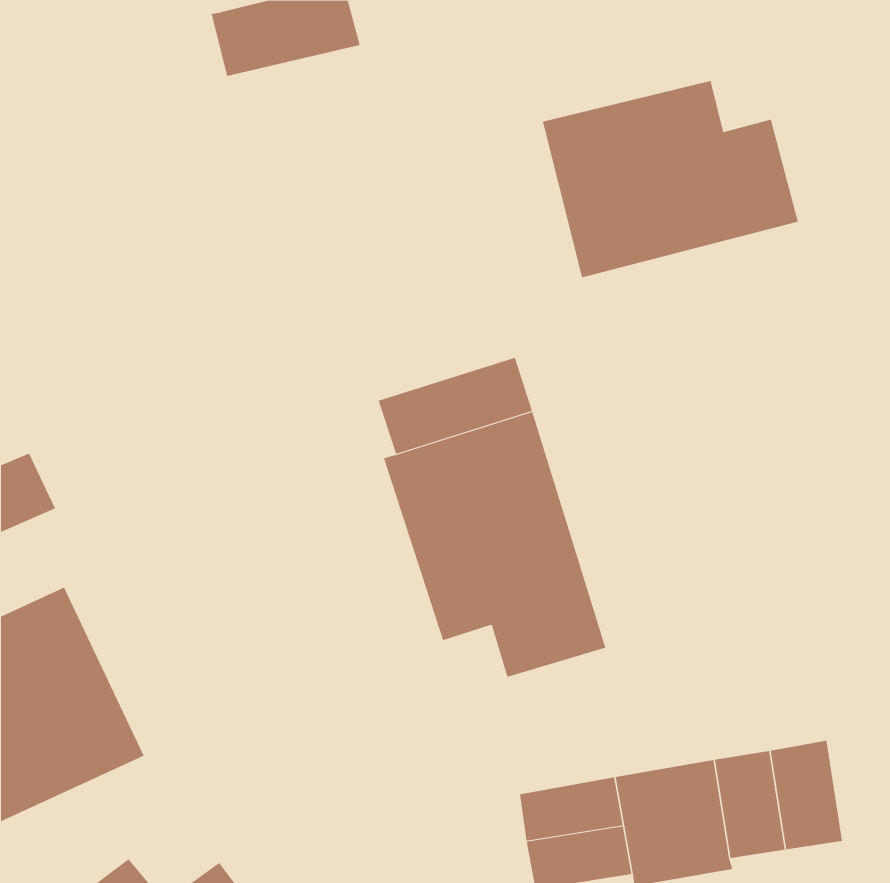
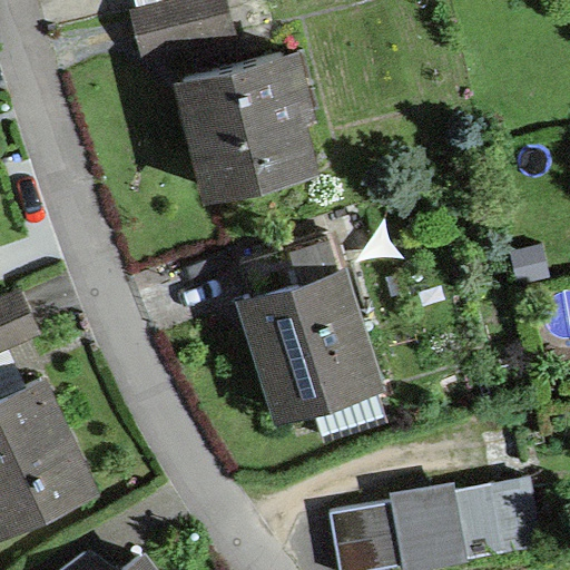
building: none -> [184,53,309,193]
building: [542,80,799,278] -> none

